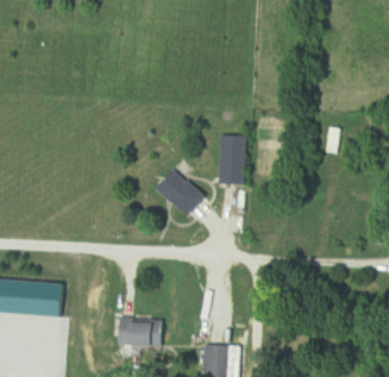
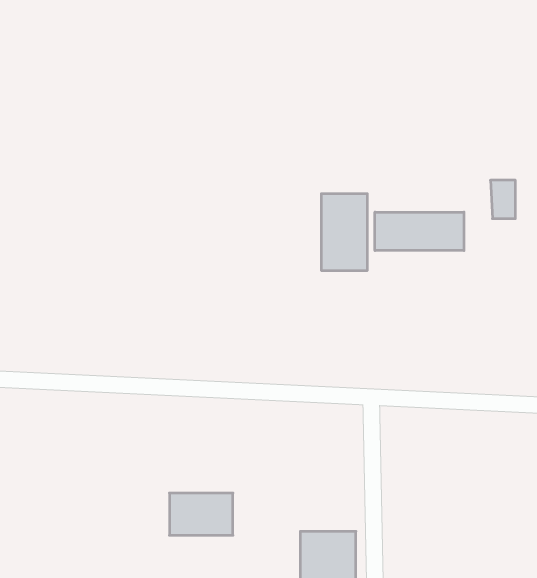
building: none -> [375,212,464,251]
building: [152,165,203,216] -> none

